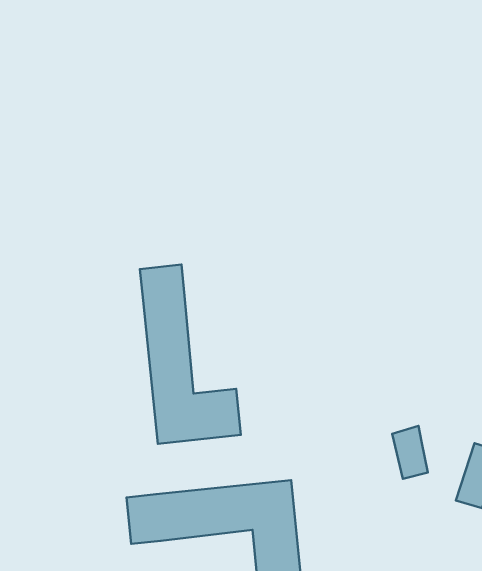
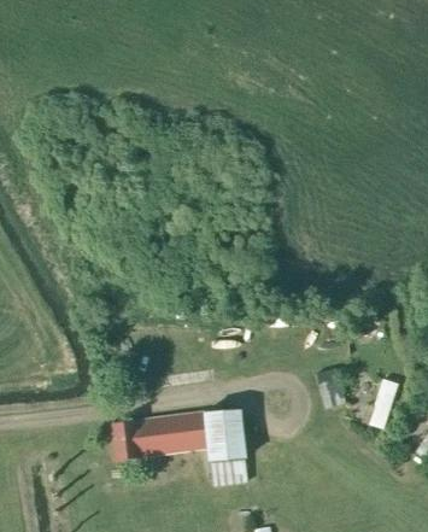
building: [140,265,241,444] -> none

